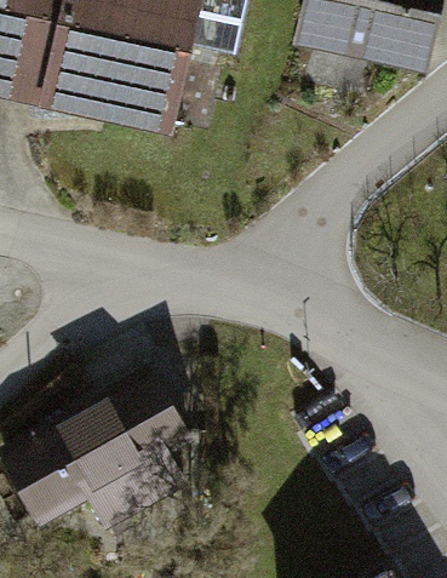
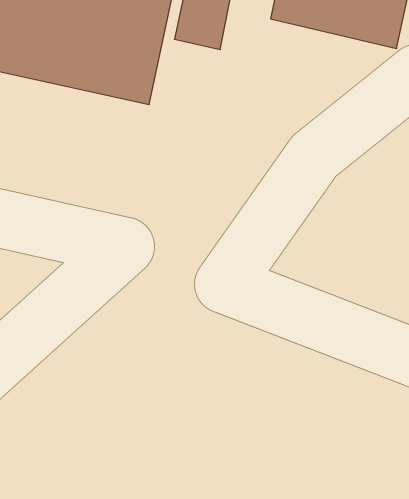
building: [12,371,194,530] -> none

